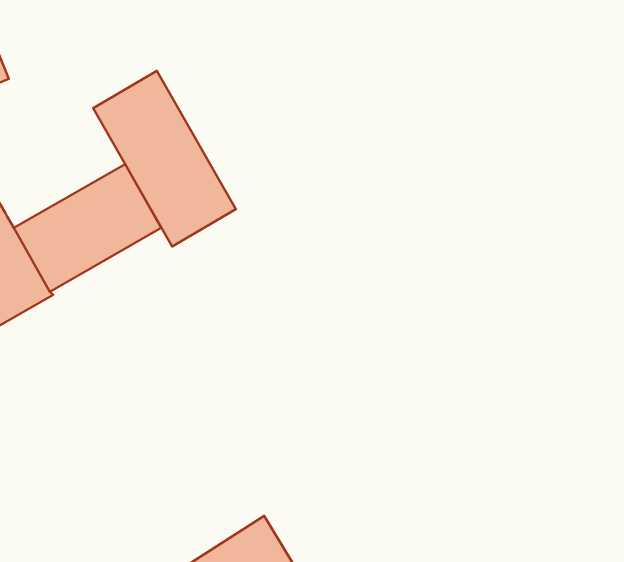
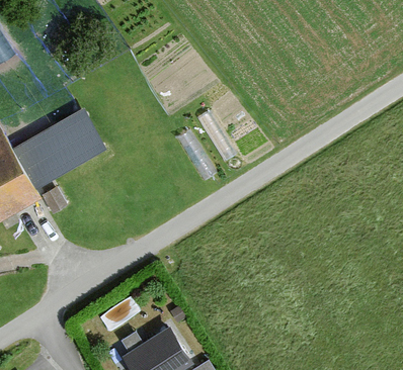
building: [93,71,236,246] -> none

